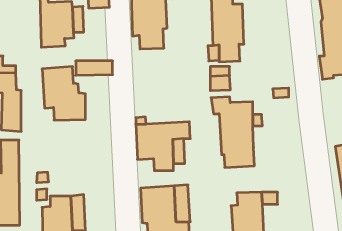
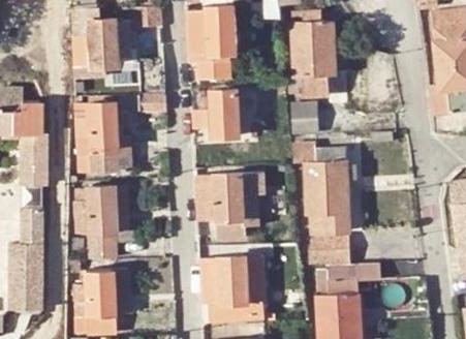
building: none -> [192,90,239,137]
building: none -> [73,186,128,257]
building: none -> [310,236,348,263]

